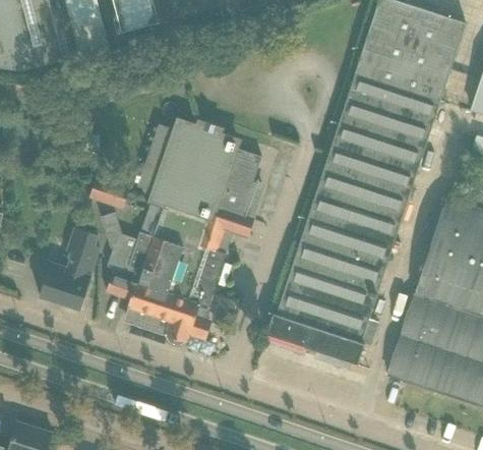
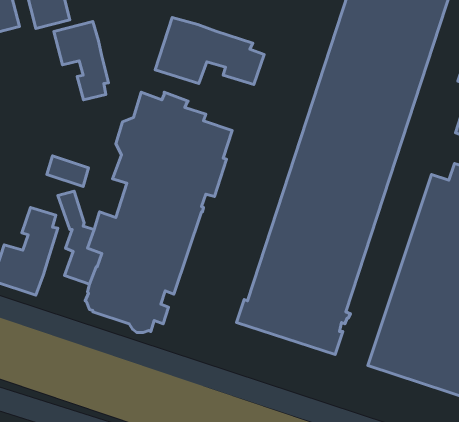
building: none -> [155,17,264,84]
building: none -> [54,22,109,100]

